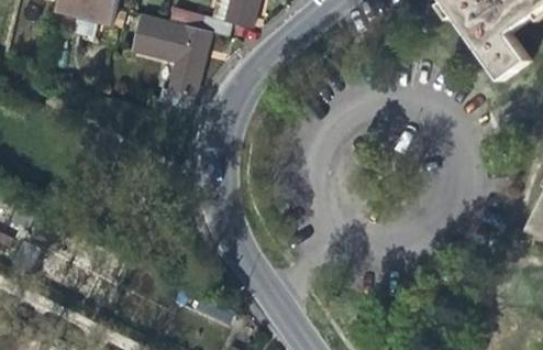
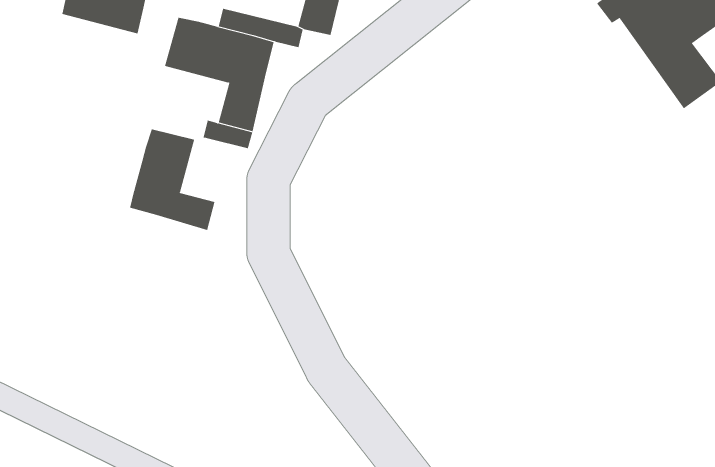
building: none -> [130,128,215,231]

